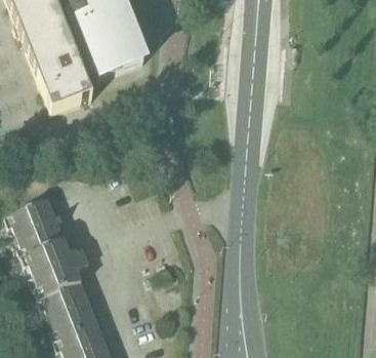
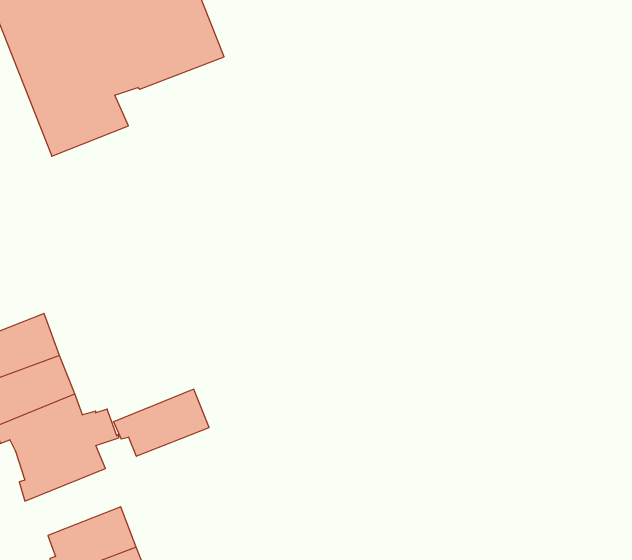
building: [38,279,89,315] -> [113,389,209,456]

